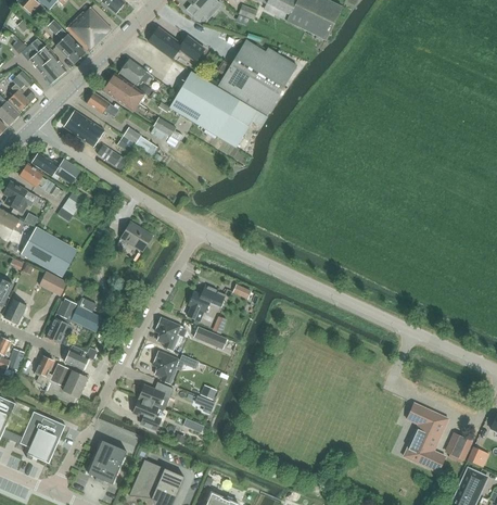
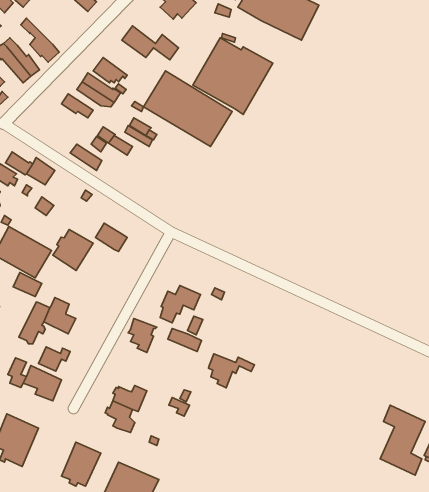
building: [66,8,111,51] -> none
building: [64,110,104,147] -> none
building: none -> [53,230,93,270]
building: [153,351,199,384] -> [208,354,254,388]

